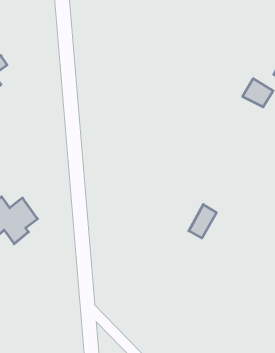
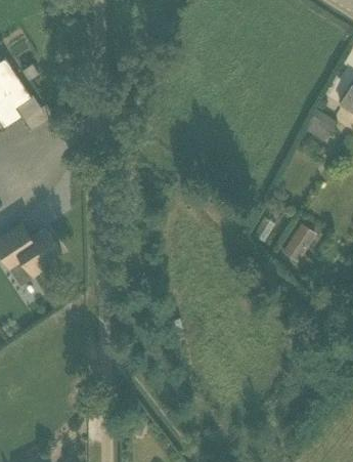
building: [189,204,216,238] -> [282,223,315,261]

